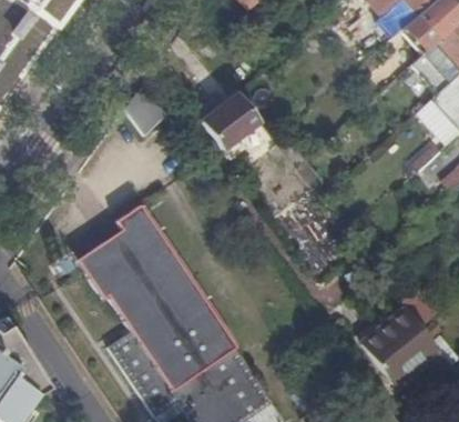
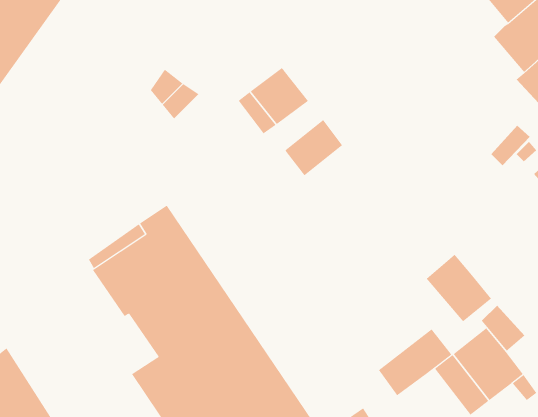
building: none -> [285,119,343,176]
building: none -> [426,254,492,322]
building: none -> [378,329,452,396]

